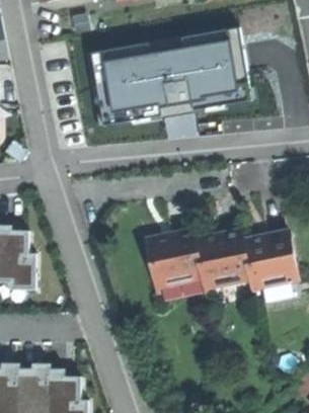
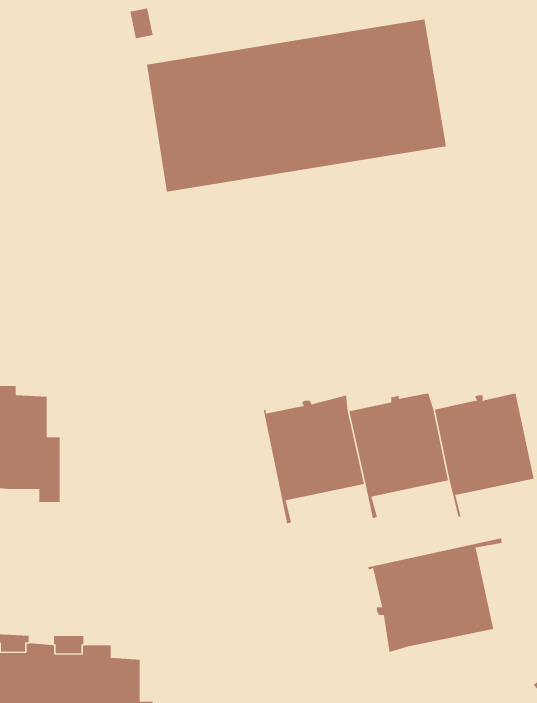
building: none -> [367,537,502,653]

